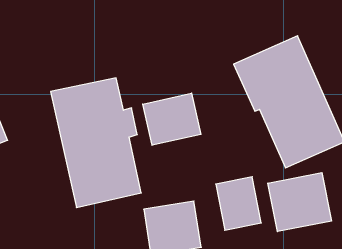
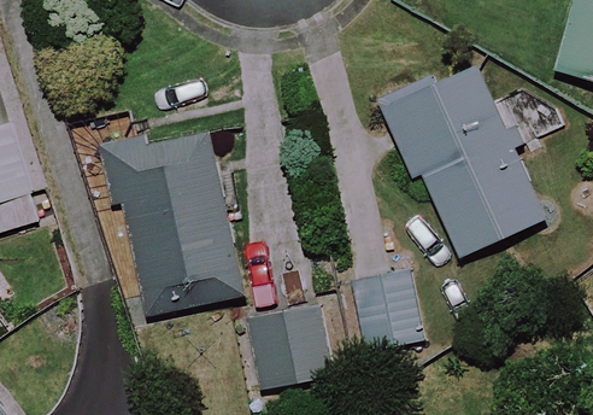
building: [143,93,201,145] -> none
building: [268,173,331,232] -> none

